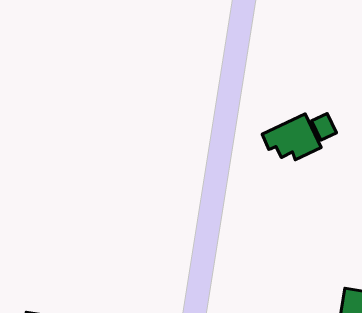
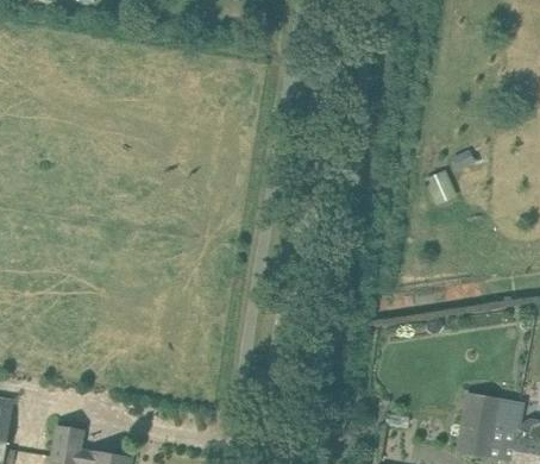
building: [262,114,321,160] -> none

